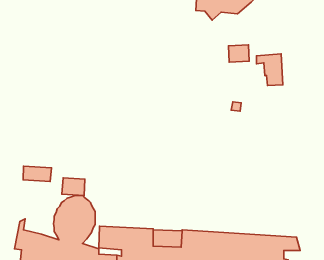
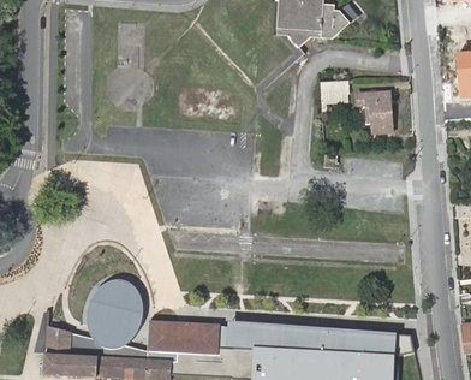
building: [23,166,51,181] -> none
building: [62,178,85,195] -> none

